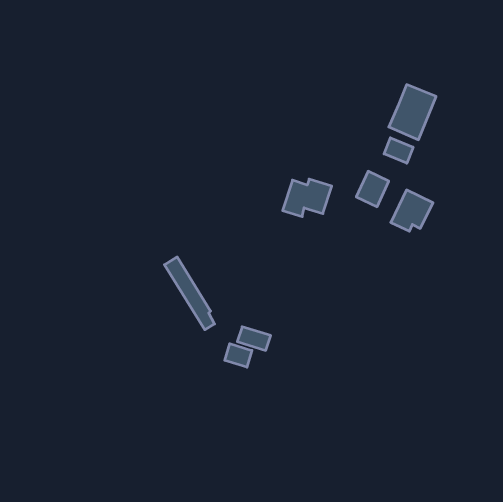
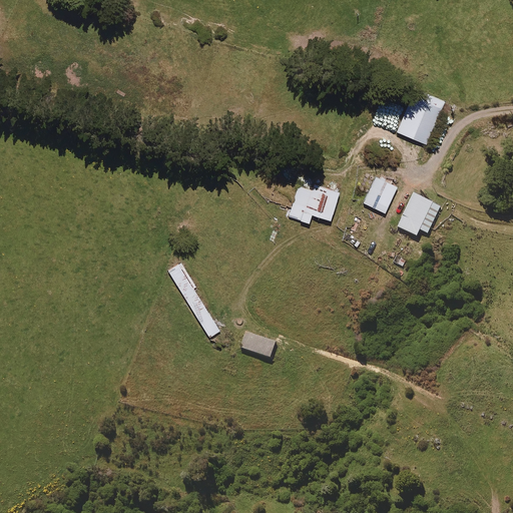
building: [384,138,413,163] -> none
building: [225,344,252,367] -> none

